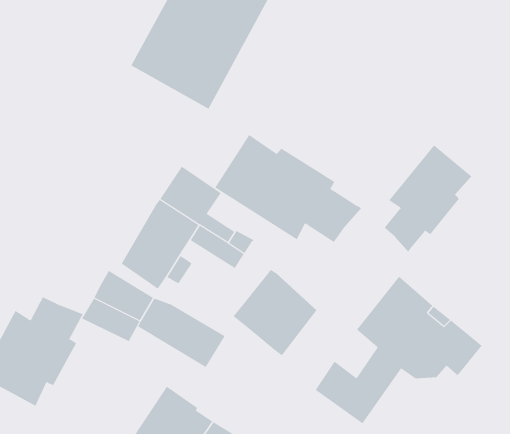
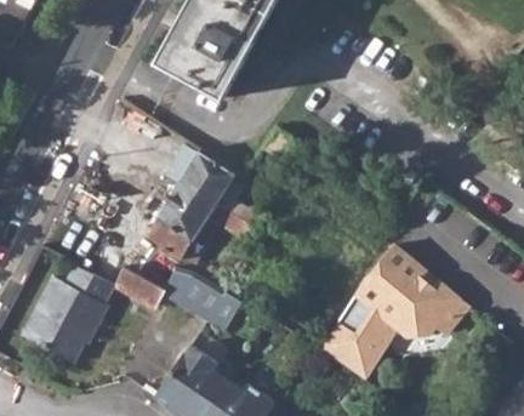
building: [215,134,362,243] -> none
building: [384,145,472,253] -> none
building: [233,269,317,356] -> none

